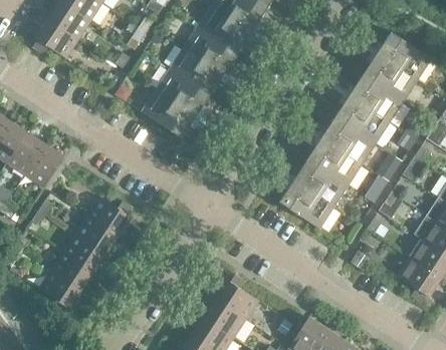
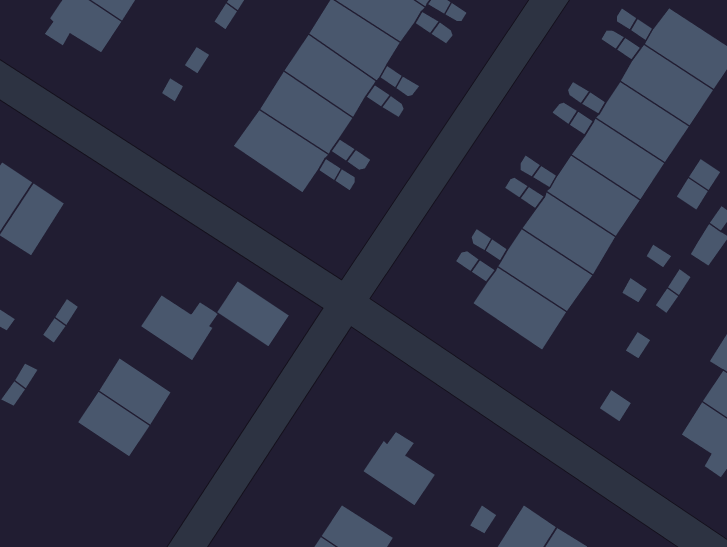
building: [25,144,63,187] -> none
building: [75,215,118,253] -> [216,281,290,347]
building: [39,270,81,309] -> none
building: [203,298,245,336] -> none

